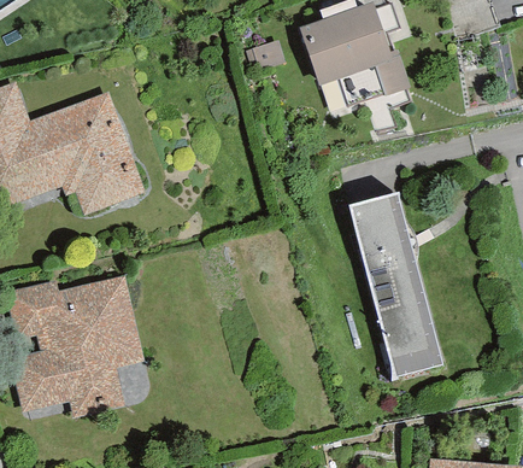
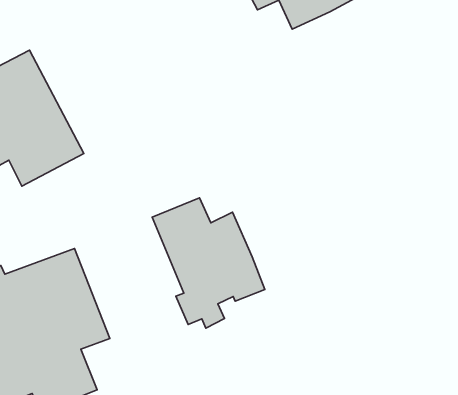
building: [348,192,442,376] -> none
building: none -> [152,198,265,328]

